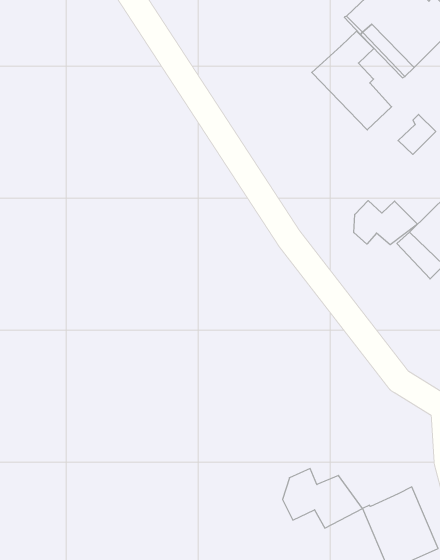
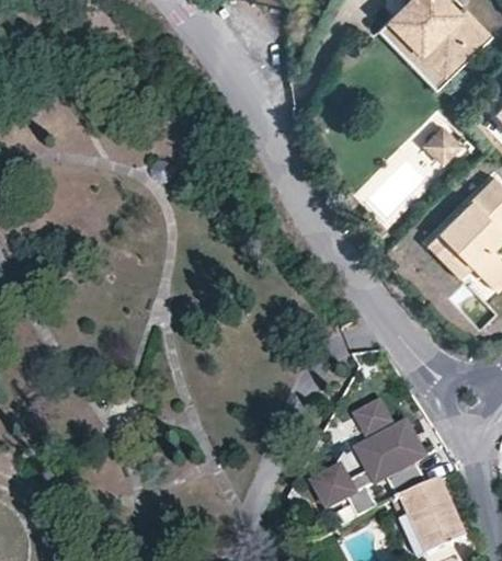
building: [312,31,392,130] -> none
building: [354,201,418,245] -> none
building: none -> [362,398,429,497]

